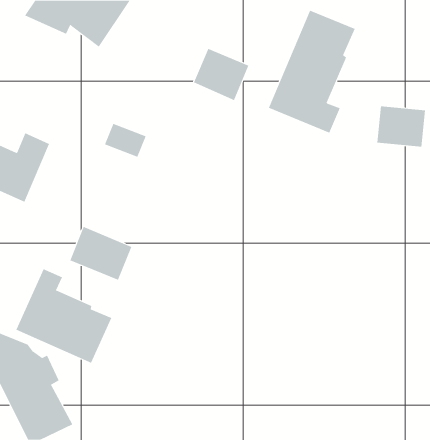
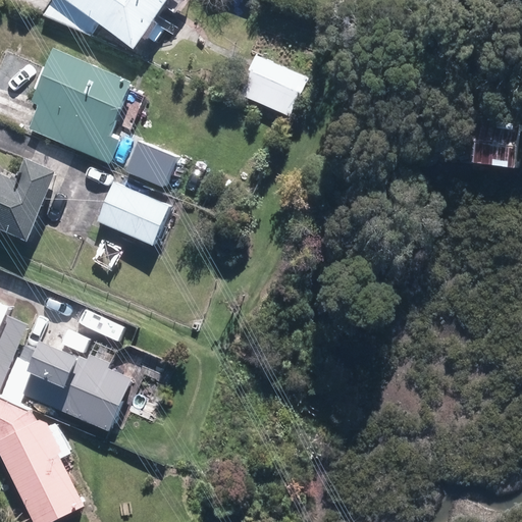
building: [268,10,356,133] -> none
building: none -> [25,45,134,164]
building: [69,226,132,280] -> [95,179,169,244]

